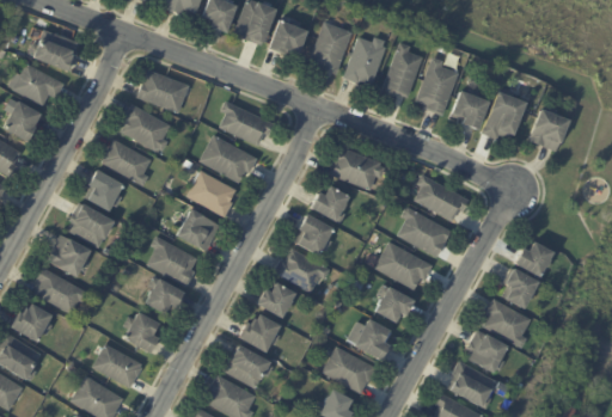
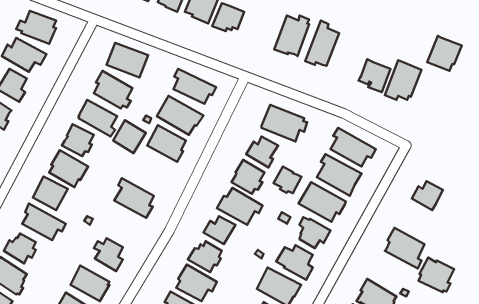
building: [310,22,354,74] -> none
building: [418,57,460,116] -> none
building: [528,109,571,152] -> [427,36,462,71]
building: [177,209,218,250] -> [113,120,146,153]
building: none -> [274,166,301,193]
building: [500,266,539,307] -> none
building: [148,275,186,314] -> none
building: [467,330,512,373] -> [418,257,454,292]

